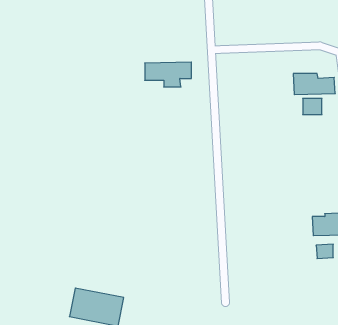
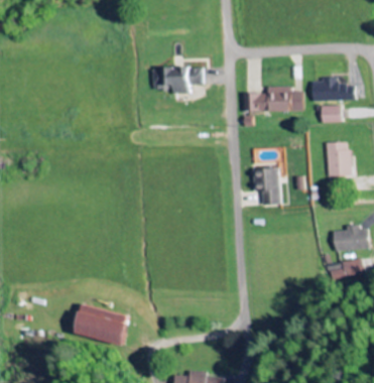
building: none -> [243,87,303,112]
building: none -> [326,142,350,176]
building: none -> [253,167,281,205]

